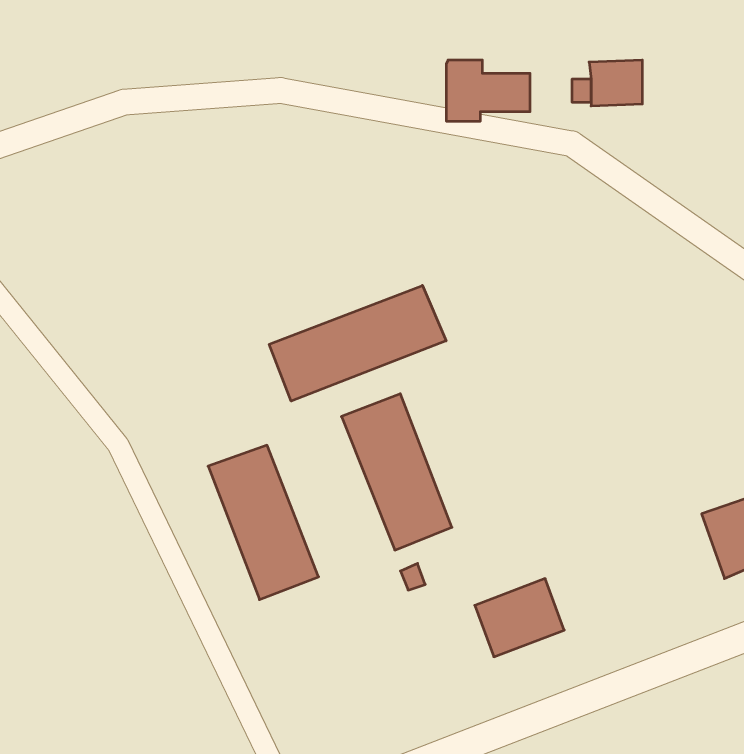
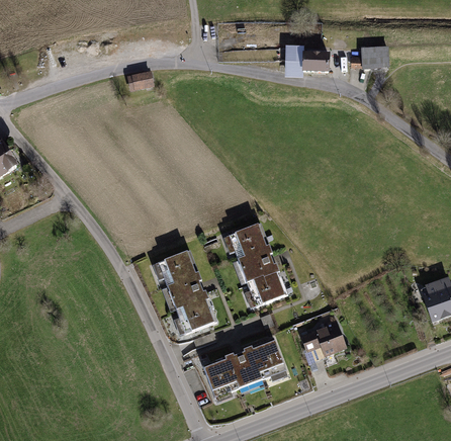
building: none -> [126,71,154,92]
building: [269,285,446,401] -> none
building: none -> [202,337,286,396]

